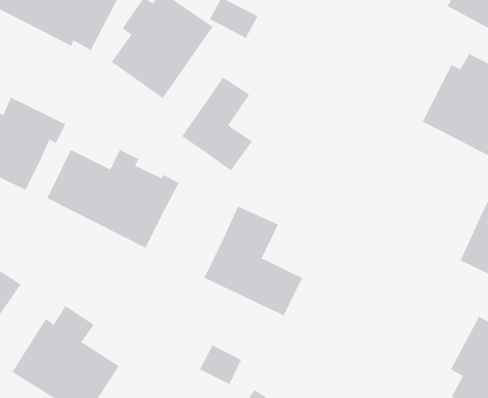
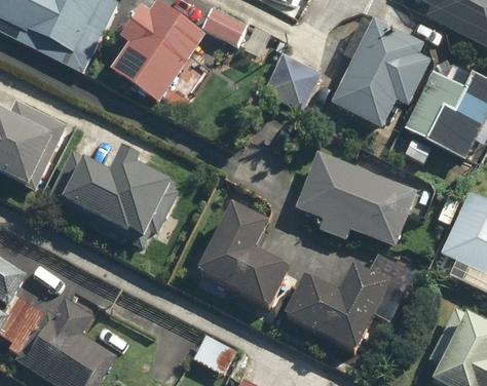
building: none -> [332,18,430,126]
building: none -> [263,53,322,113]
building: [181,76,253,171] -> none
building: none -> [294,154,412,245]
building: none -> [284,267,387,352]

